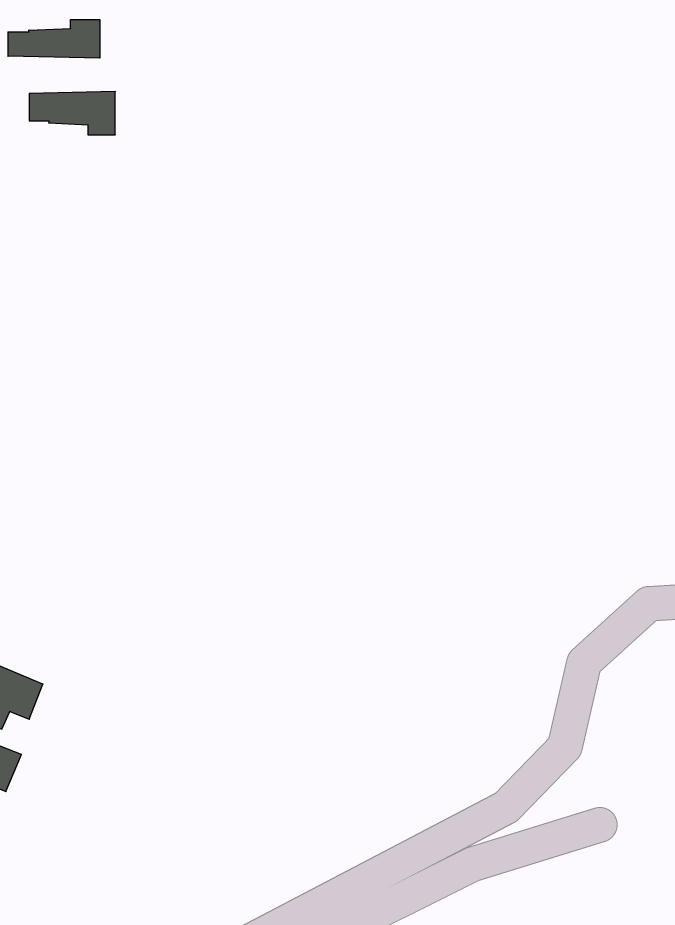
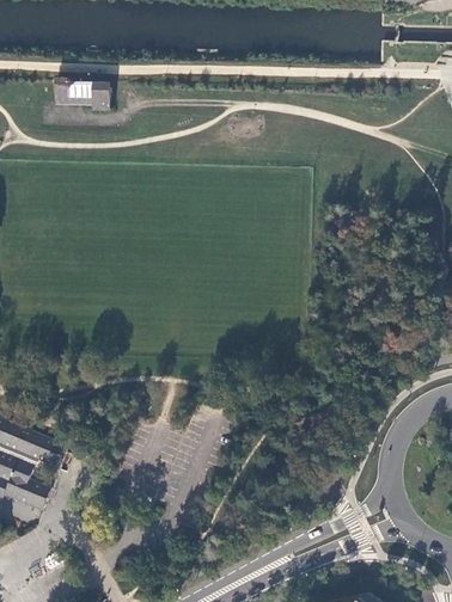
building: [8,20,100,58] -> none

